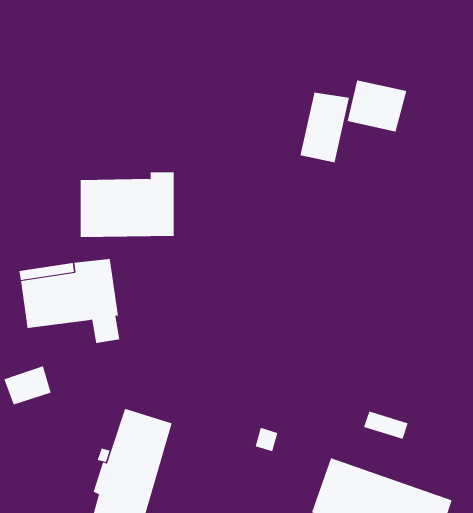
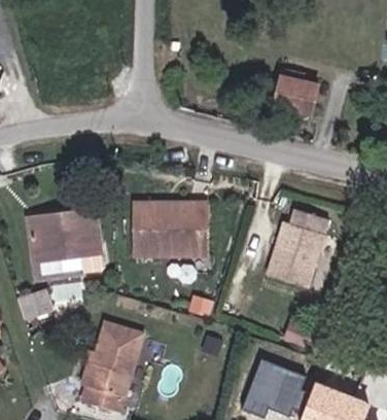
building: [300,92,350,163] -> none
building: [80,172,175,238] -> [135,206,206,255]
building: none -> [268,209,328,287]

